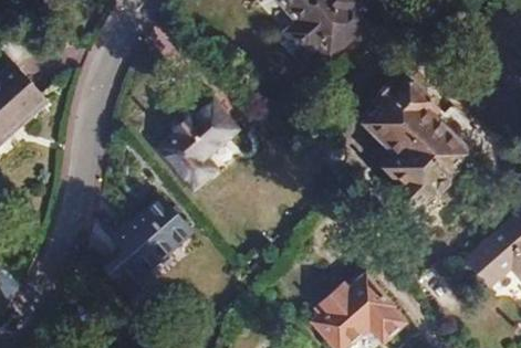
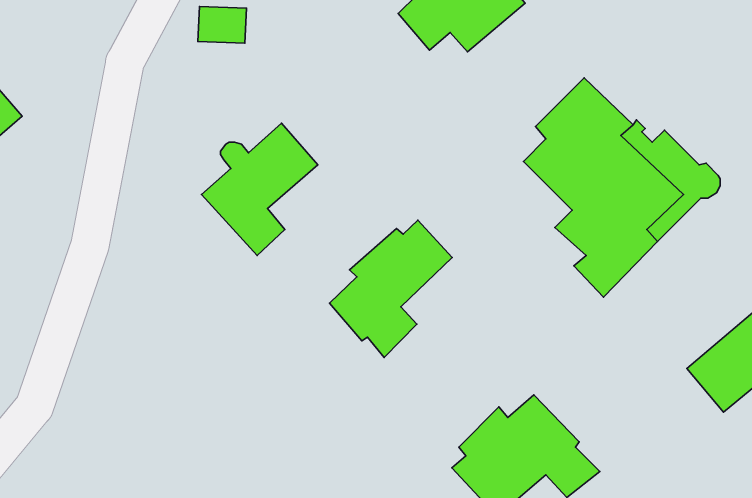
building: none -> [329,220,452,357]
building: [102,200,188,300] -> none

